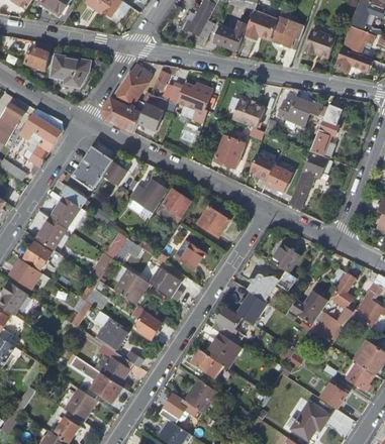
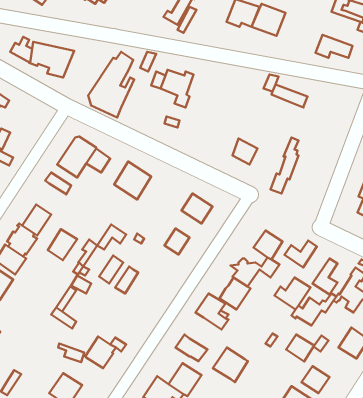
building: [213,20,246,47] -> none
building: [342,25,373,51] -> none
building: [303,28,334,57] -> none
building: [137,92,163,128] -> none
building: [230,98,263,127] -> none
building: [275,104,306,127] -> none
building: [309,104,340,155] -> none
building: [20,109,63,165] -> none
building: [214,127,245,165] -> none
building: [265,163,291,191] -> none
building: [158,190,191,224] -> none
building: [52,197,81,228] -> [48,229,77,260]
building: none -> [285,241,317,268]
building: [150,268,180,296] -> none
building: [134,313,162,339] -> none
building: [98,317,128,348] -> none
building: [206,332,242,367] -> [213,347,248,382]
building: [347,362,375,390] -> [286,334,314,361]
building: [91,372,124,404] -> none

